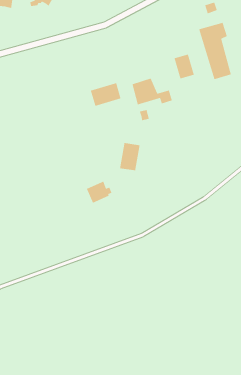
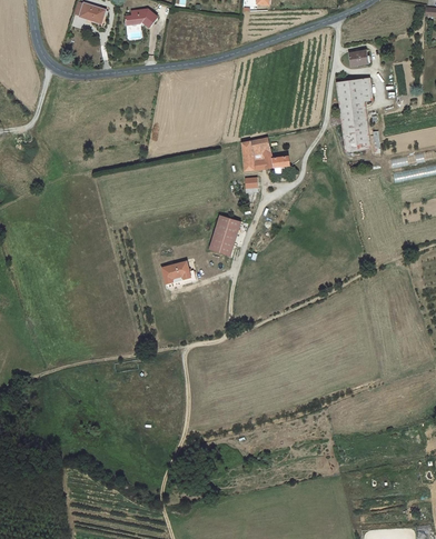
building: [173,54,195,79] -> none
building: [90,82,122,107] -> none

